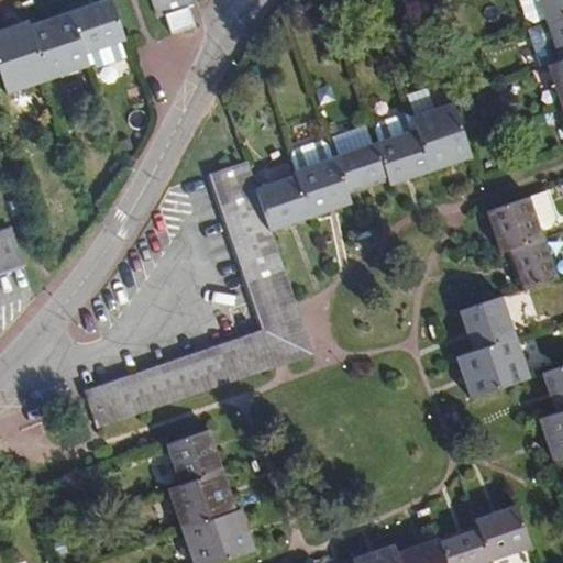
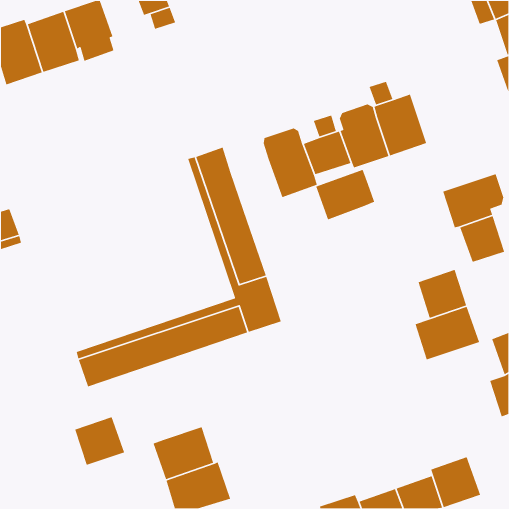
building: [255,176,311,232] -> none
building: none -> [315,169,375,220]
building: [167,430,223,485] -> [74,416,125,466]

